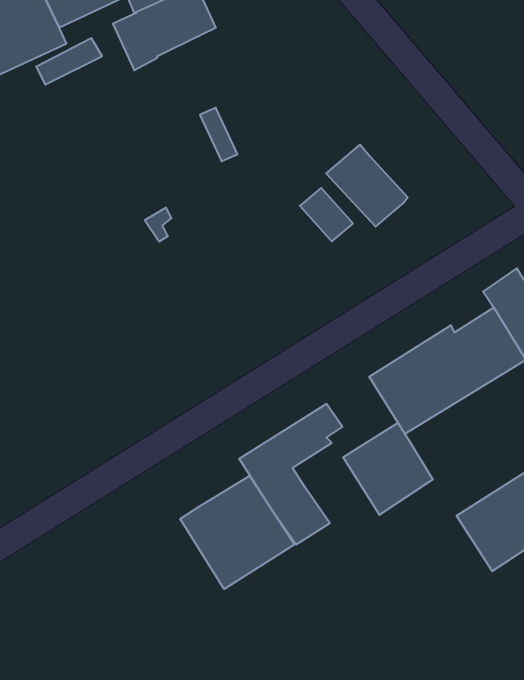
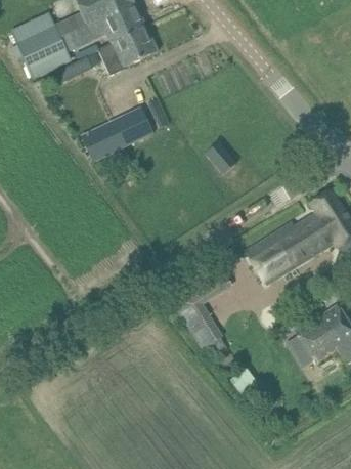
building: none -> [82,106,152,161]
building: [326,145,408,227] -> none
building: [343,423,433,515] -> none
building: [180,476,295,589] -> none

